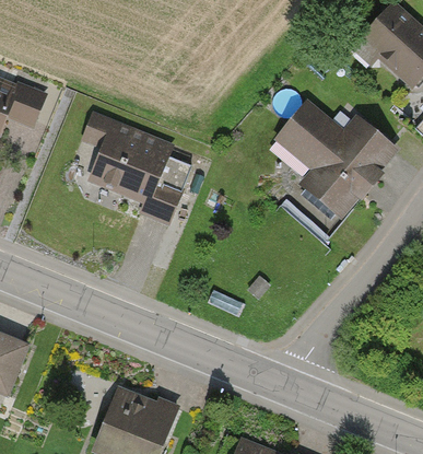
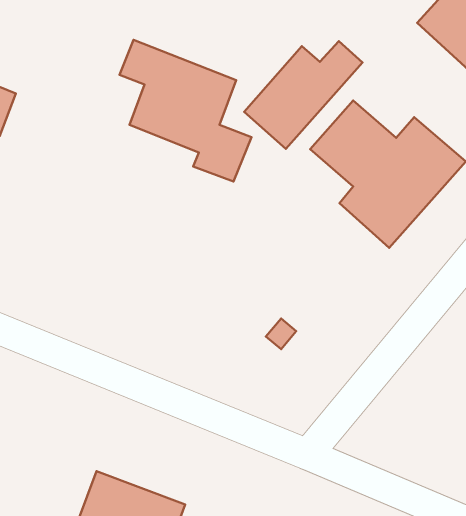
building: none -> [244,41,362,149]
building: [77,110,180,222] -> [120,40,252,182]

